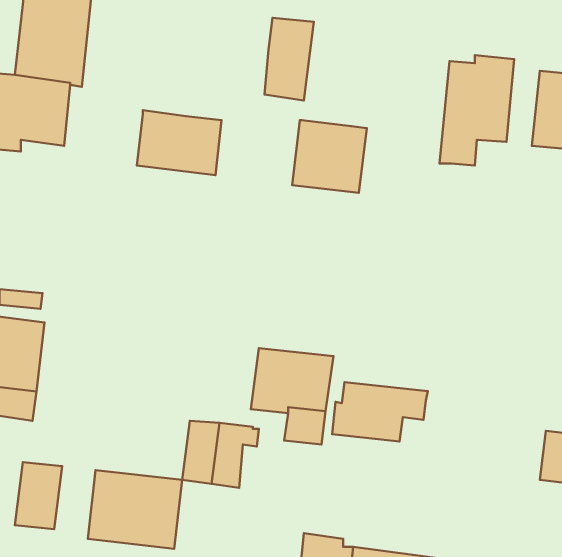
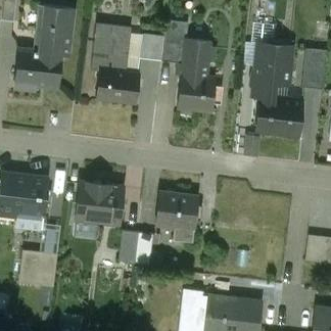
building: none -> [91,22,132,72]
building: none -> [139,34,164,60]
building: none -> [182,39,211,77]
building: none -> [255,96,302,136]
building: [332,382,428,441] -> none
building: [88,470,182,549] -> [75,182,124,223]

